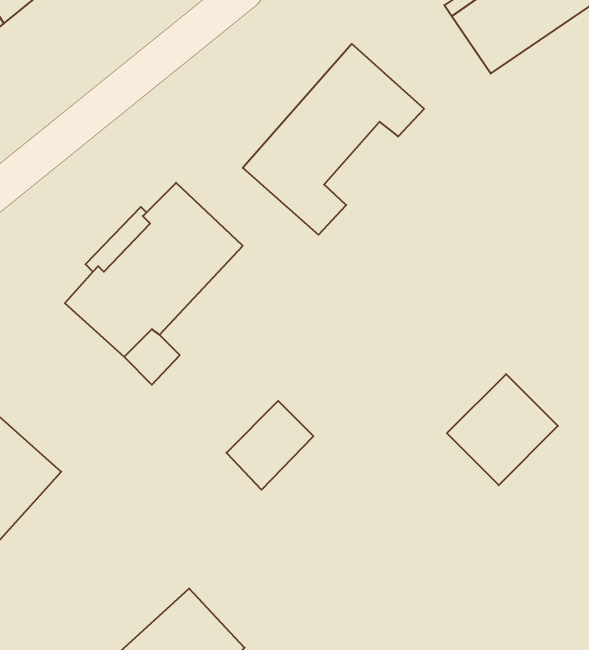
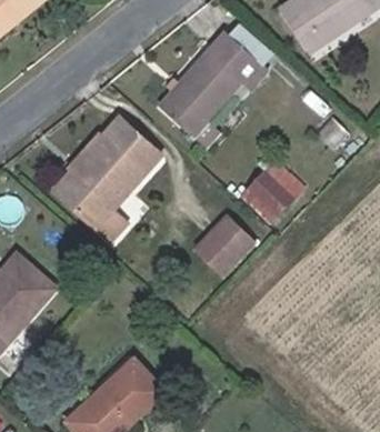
building: [447,374,558,485] -> [248,155,314,222]
building: [226,401,313,490] -> [200,218,252,271]

